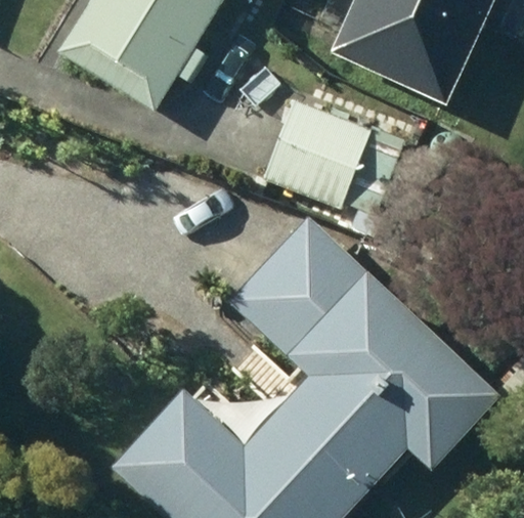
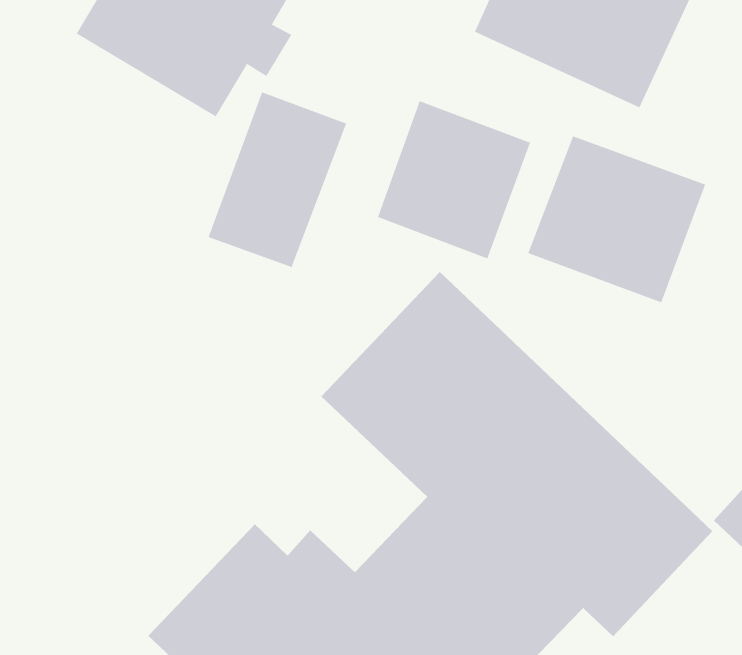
building: none -> [208,92,347,268]
building: none -> [527,136,706,303]

